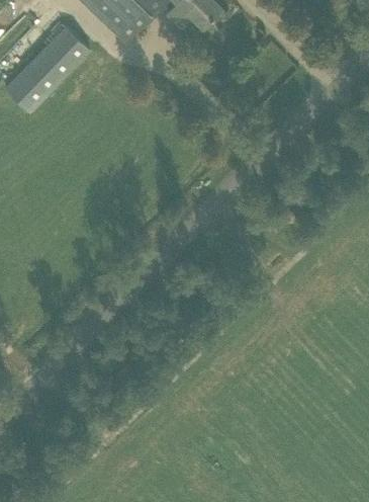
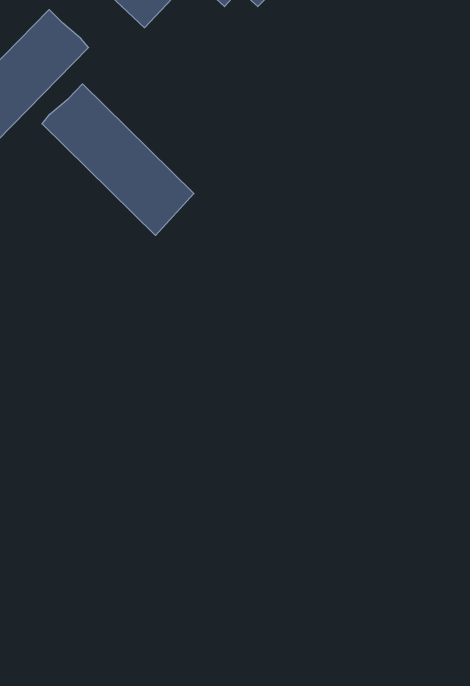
building: none -> [42,84,194,235]

